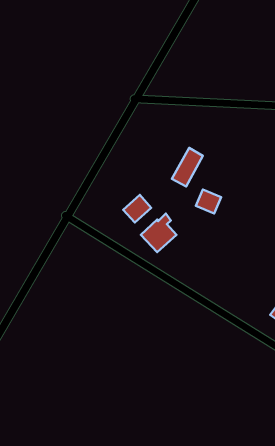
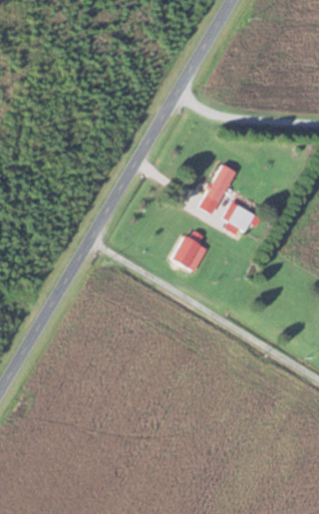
building: [123,195,151,223] -> none

